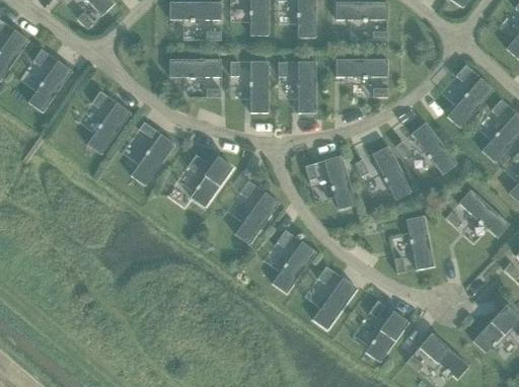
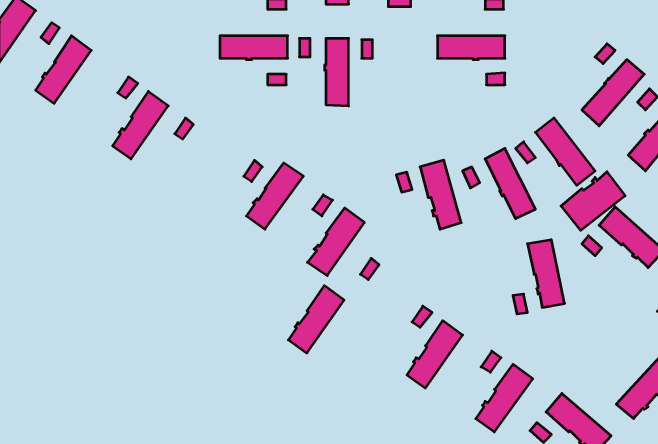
building: [297,61,315,112] -> none
building: [131,133,173,184] -> none
building: none -> [561,172,625,230]
building: [273,240,315,292] -> [288,286,344,353]

